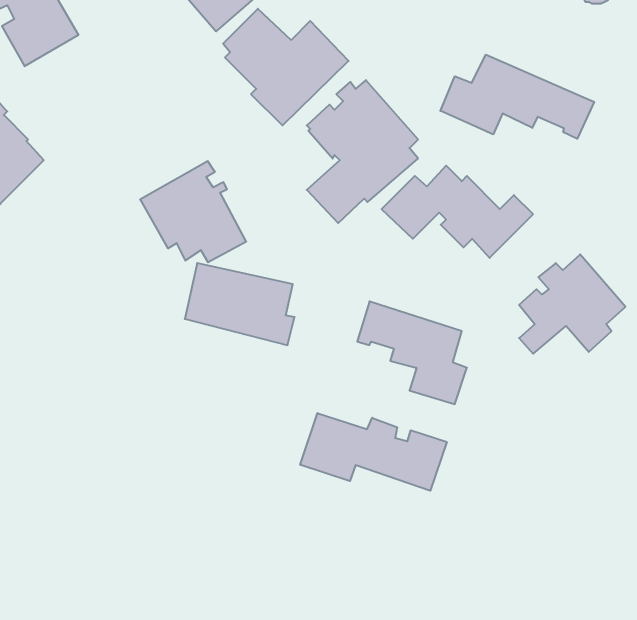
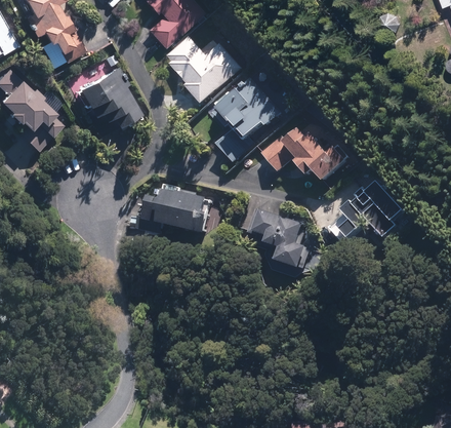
building: [440,55,594,139] -> none
building: [140,161,246,262] -> [76,66,138,125]
building: [300,413,447,491] -> none

